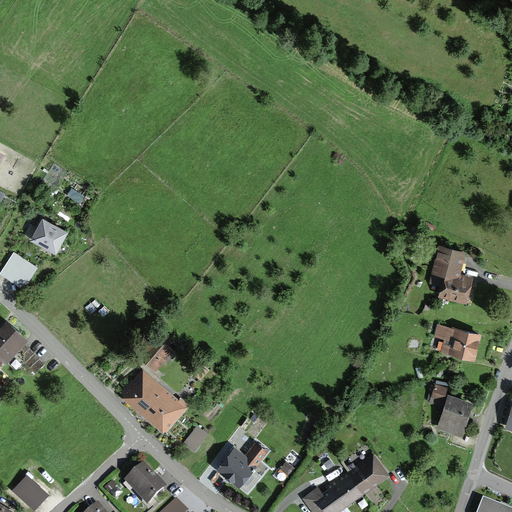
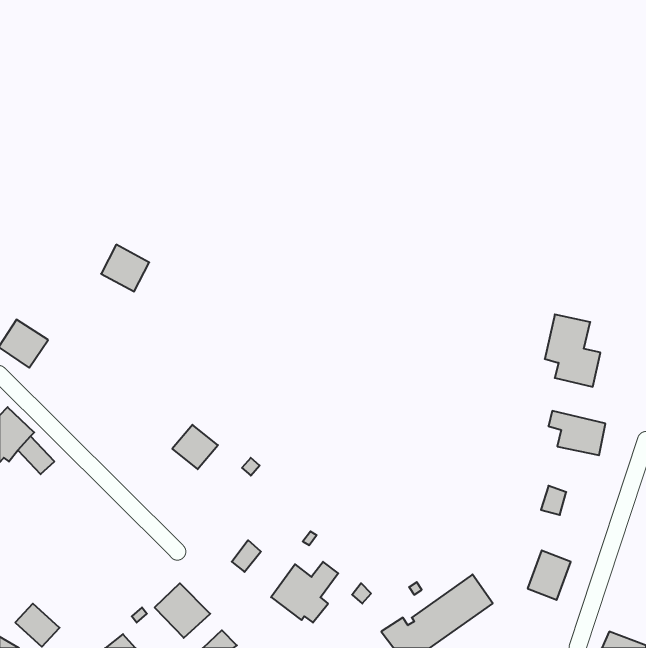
building: [30,218,68,255] -> [101,245,149,292]
building: [120,368,190,433] -> none
building: [437,396,471,435] -> [528,550,571,600]

